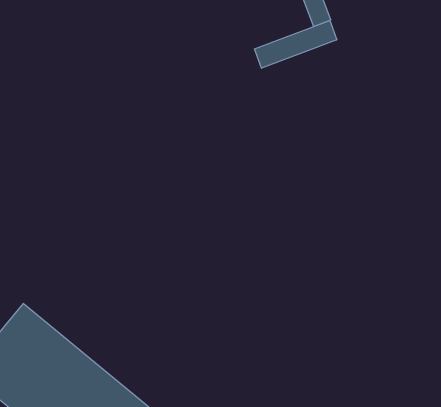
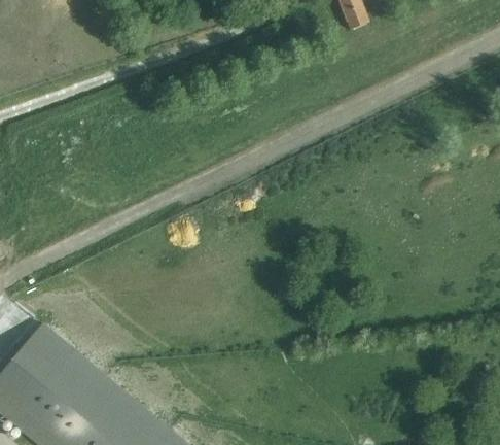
building: [255,21,337,68] -> none

